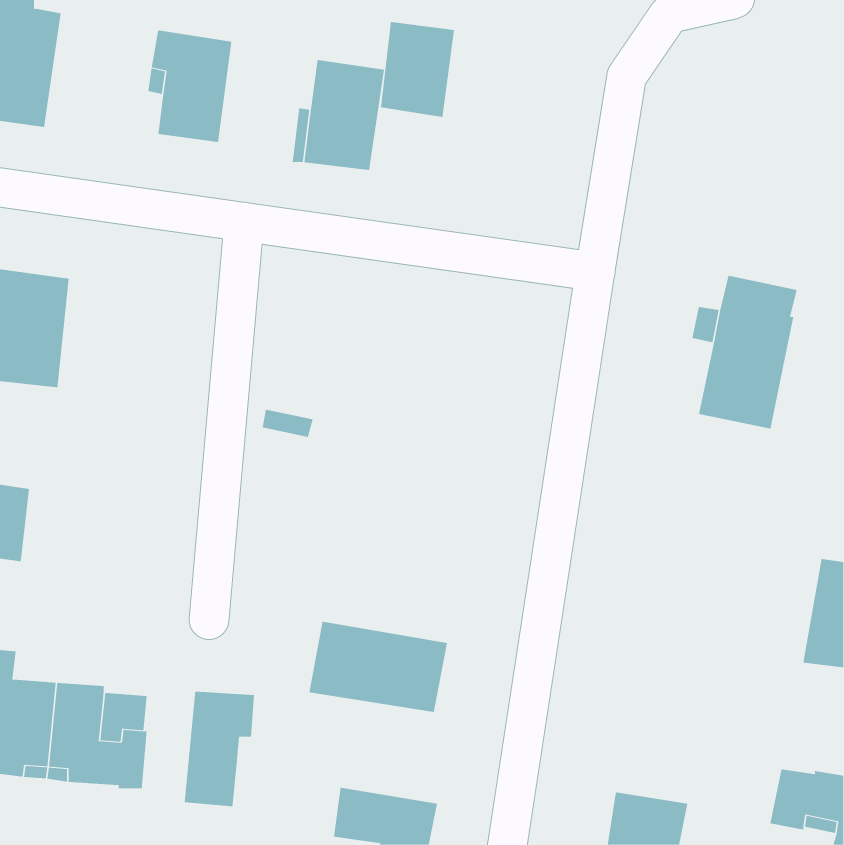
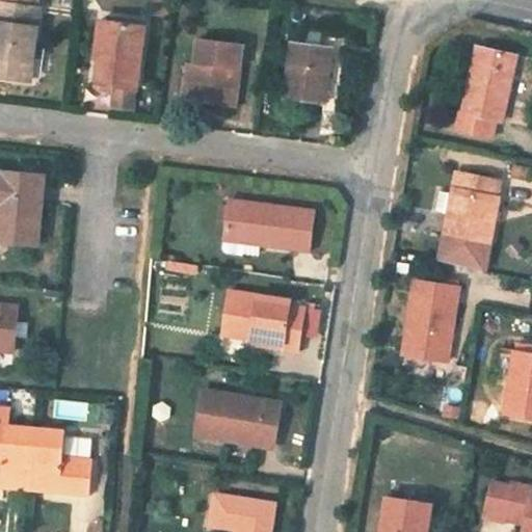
building: [380,21,455,118] -> [285,42,331,102]
building: none -> [454,46,517,138]
building: none -> [221,201,314,255]
building: none -> [402,280,457,362]
building: none -> [220,290,305,350]
building: [184,691,254,807] -> none

